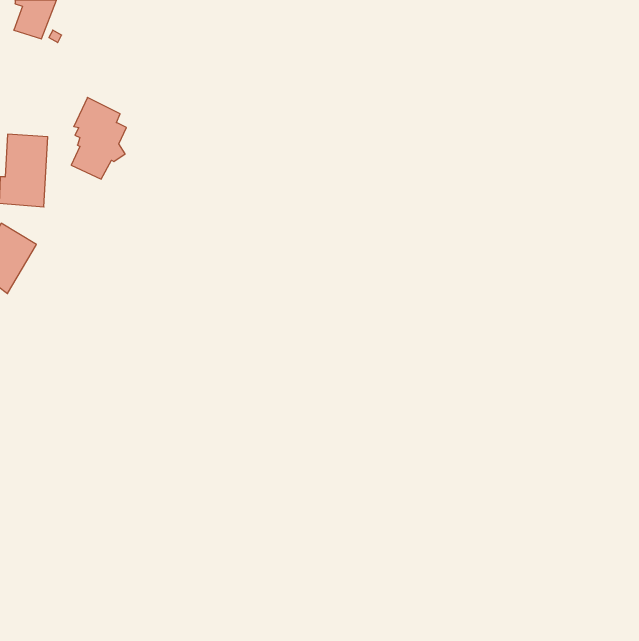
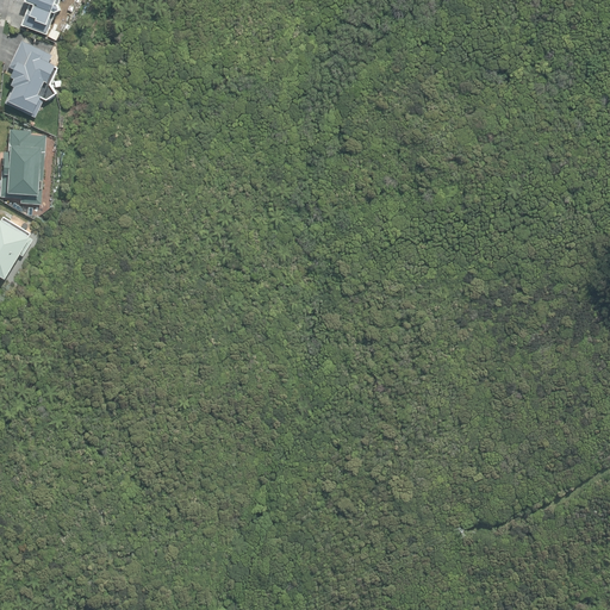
building: [71,97,126,179] -> [5,39,57,117]

